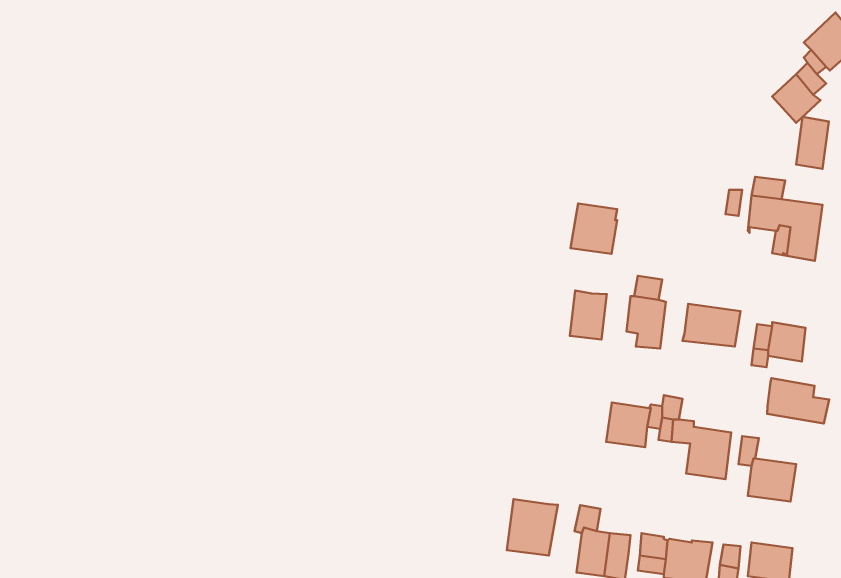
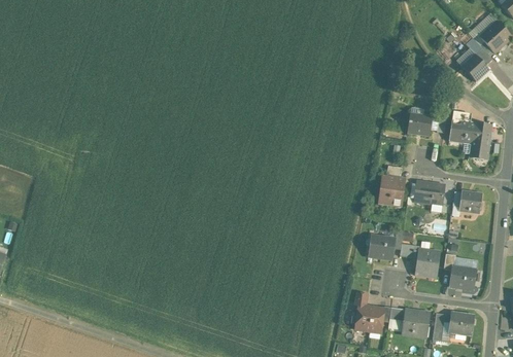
building: [796,117,829,169] -> none
building: [571,204,617,254] -> [407,108,433,136]
building: [570,290,607,340] -> none
building: [767,378,829,423] -> none
building: [507,499,558,555] -> none

